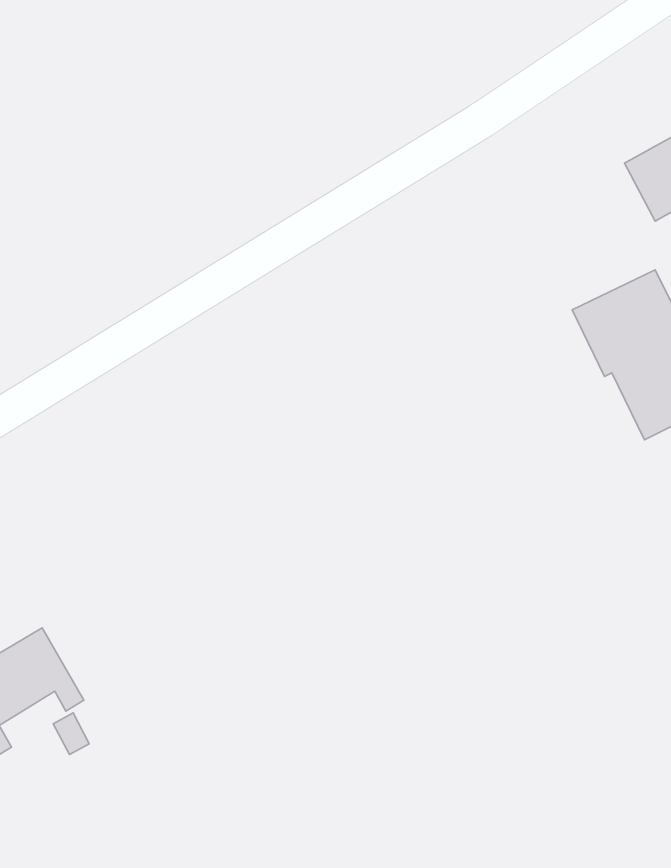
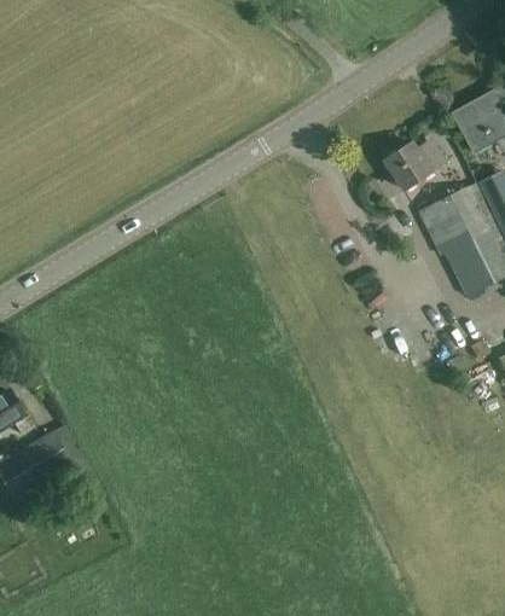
building: none -> [384,139,446,190]

